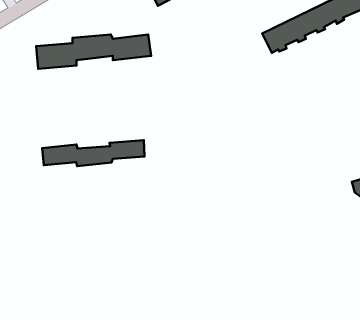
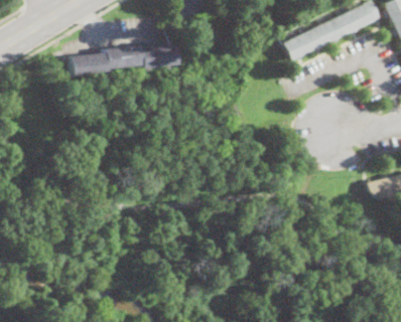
building: [42,140,144,166] -> none

